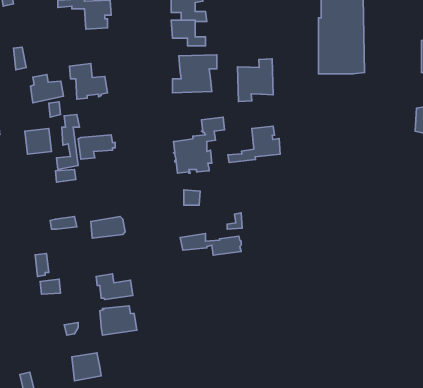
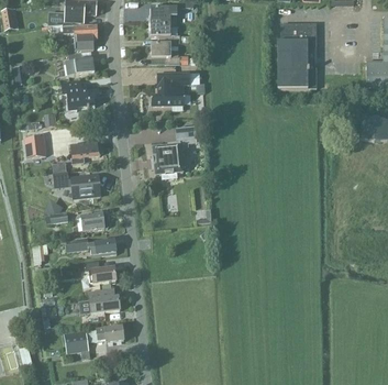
building: [237,59,273,102] -> none
building: [30,75,64,103] -> [66,52,95,76]
building: [228,126,280,163] -> none
building: none -> [69,174,100,197]
building: [180,234,241,255] -> [64,237,117,255]
building: none -> [86,326,123,342]

